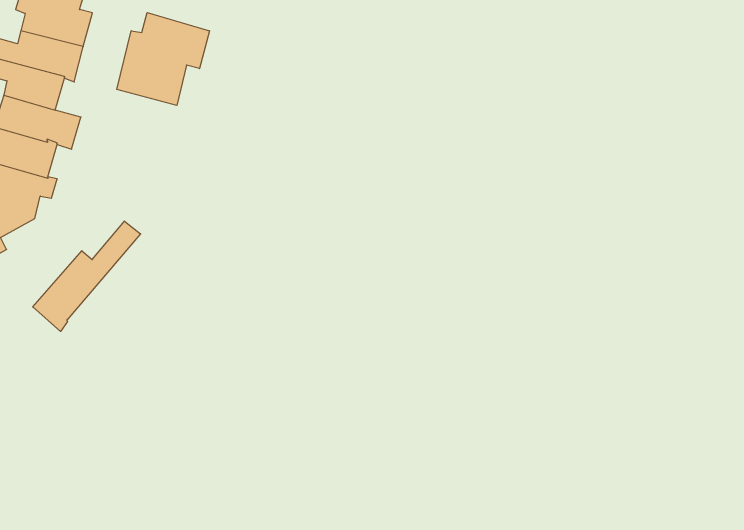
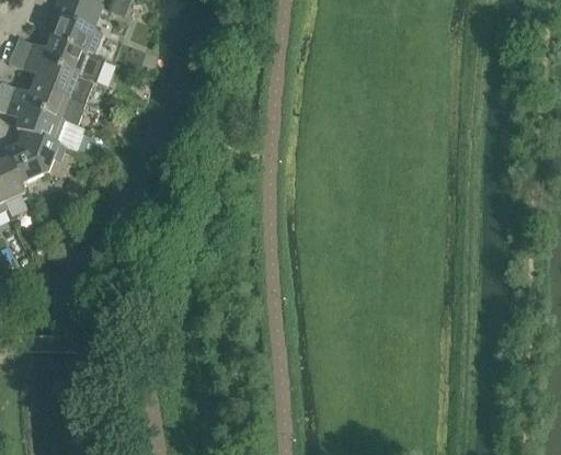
building: [117,13,210,105] -> none
building: [33,221,141,331] -> none

